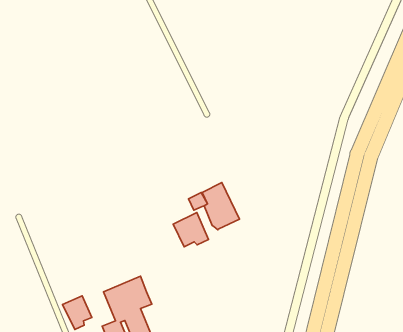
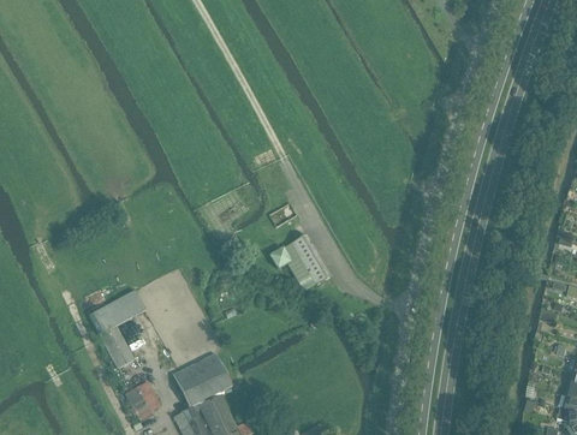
building: [173,212,209,247] -> none
building: none -> [89,291,145,368]

